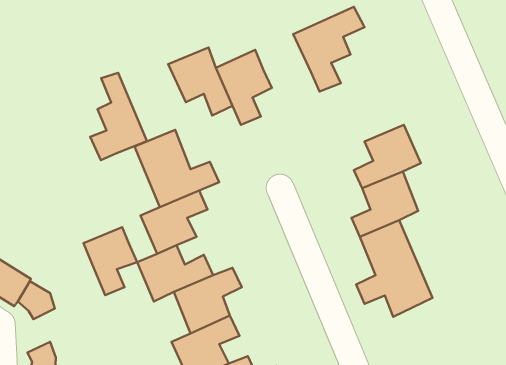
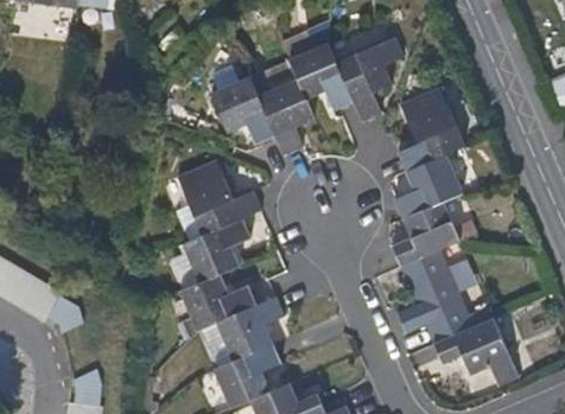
building: none -> [288,44,353,110]
building: none -> [398,87,465,171]
building: [90,73,147,160] -> none
building: [83,227,137,295] -> none
building: none -> [434,318,520,387]

